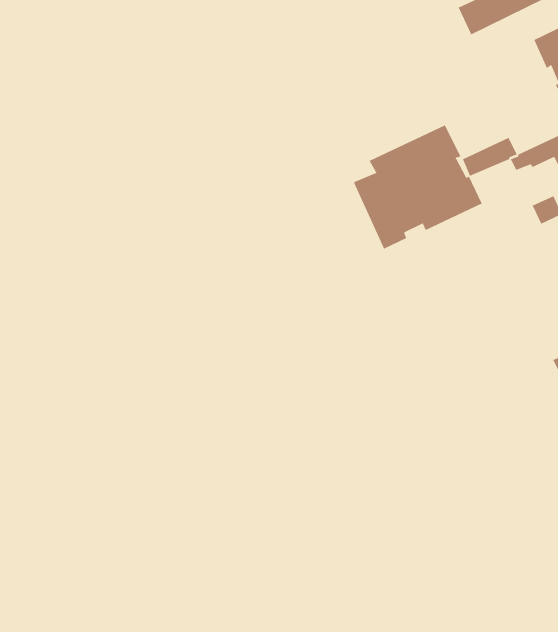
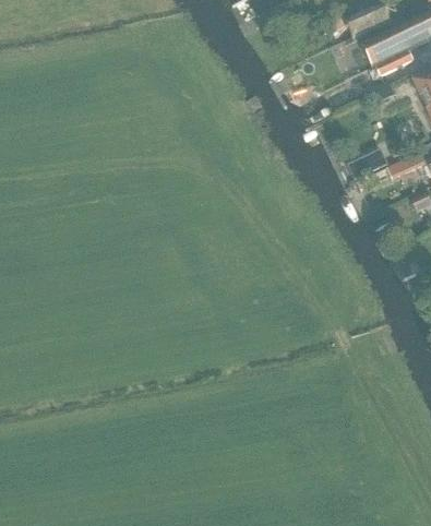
building: [353,125,482,249] -> none

